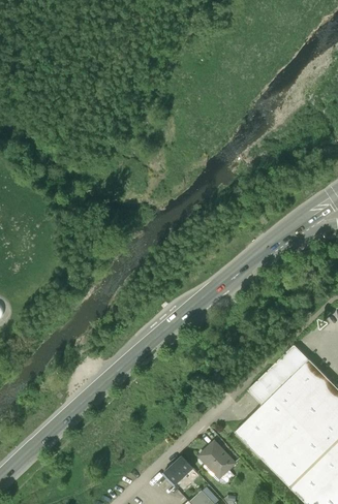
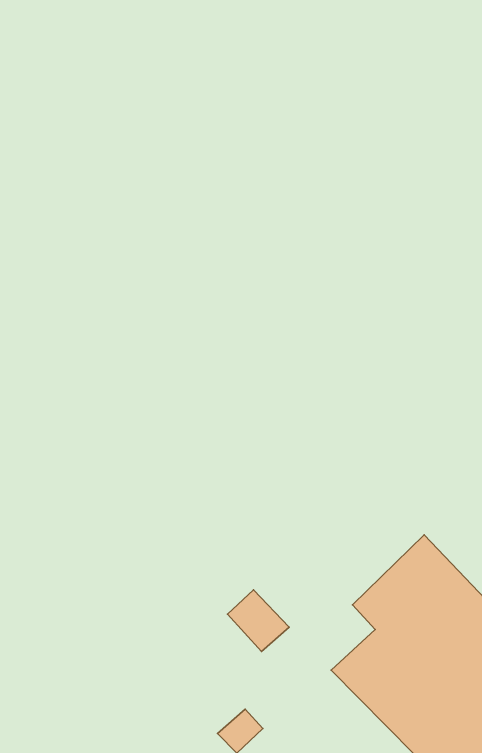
building: [196,440,236,479] -> [227,590,289,652]

